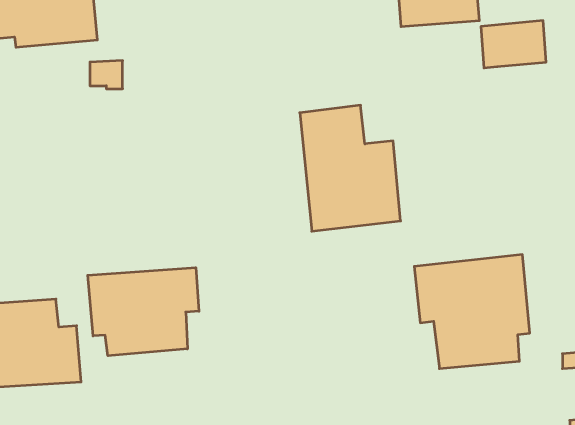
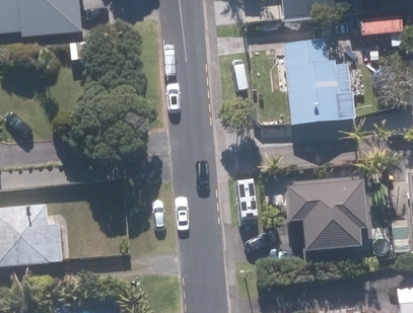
building: [300,105,401,231] -> [285,40,354,126]
building: [88,268,199,356] -> none

